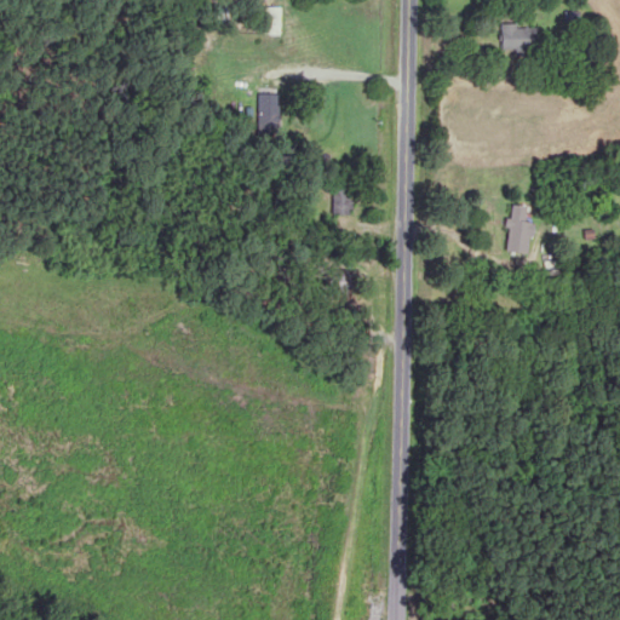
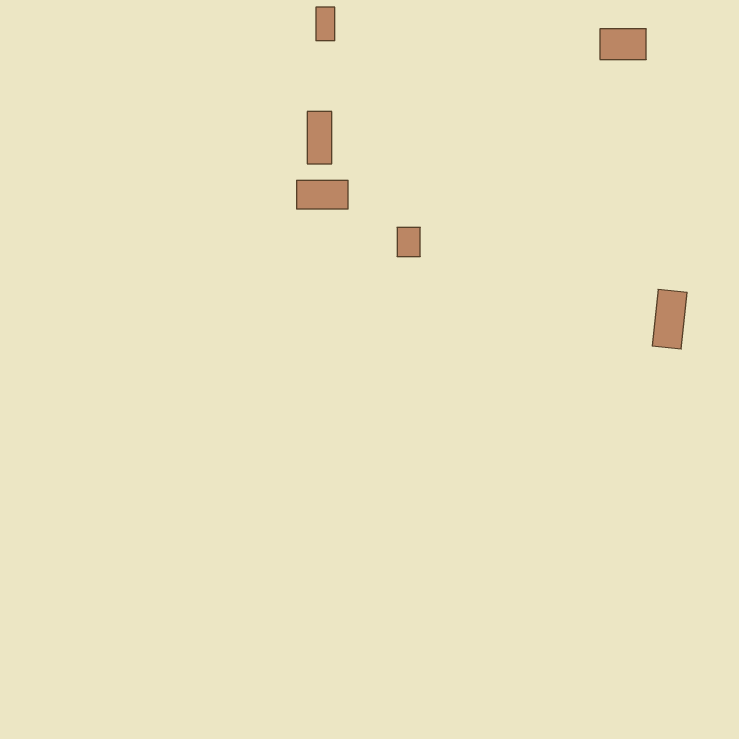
building: none -> [297,180,348,209]
building: [506,205,535,254] -> [652,289,687,349]

